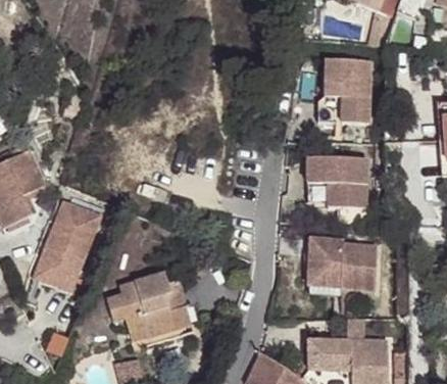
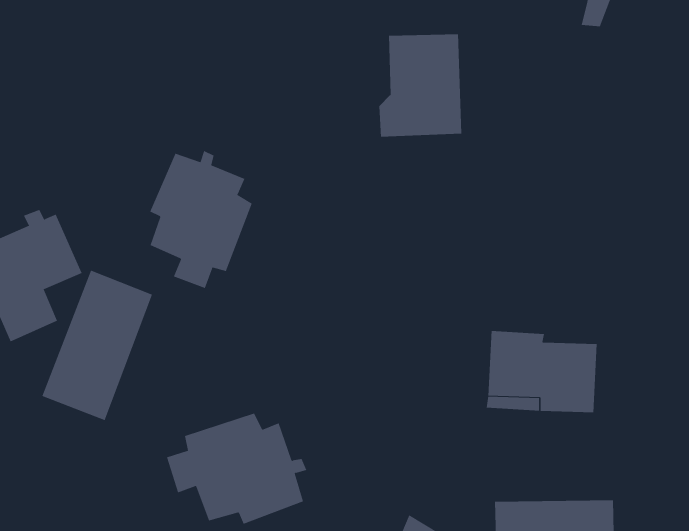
building: [315,58,367,123] -> [378,34,462,137]
building: none -> [150,150,252,289]
building: [310,154,368,203] -> none

